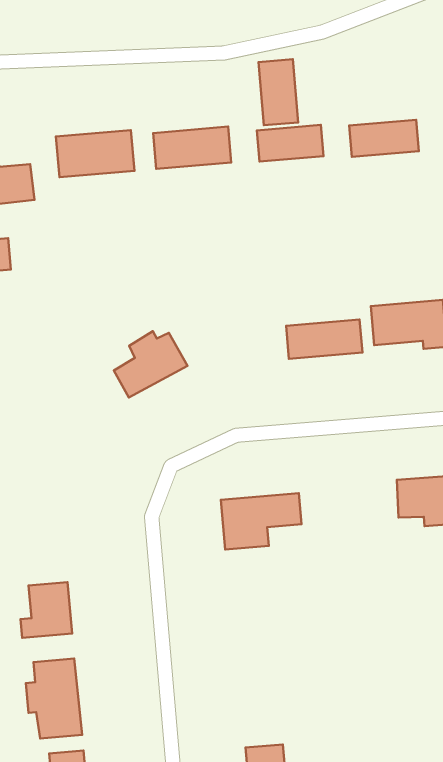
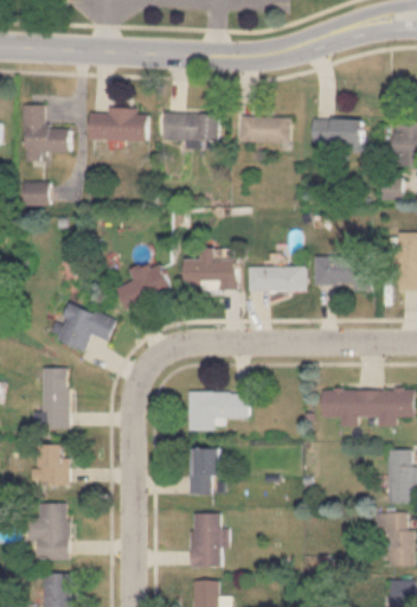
building: [259,59,298,125] -> none
building: none -> [185,248,237,290]
building: none -> [53,304,114,352]
building: none -> [39,369,68,429]
building: none -> [188,449,218,494]
building: none -> [191,515,220,568]

